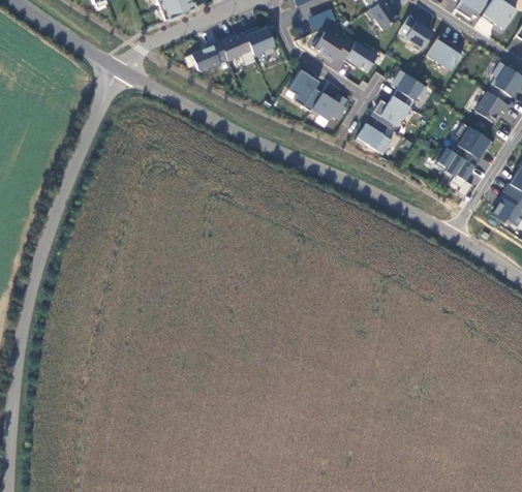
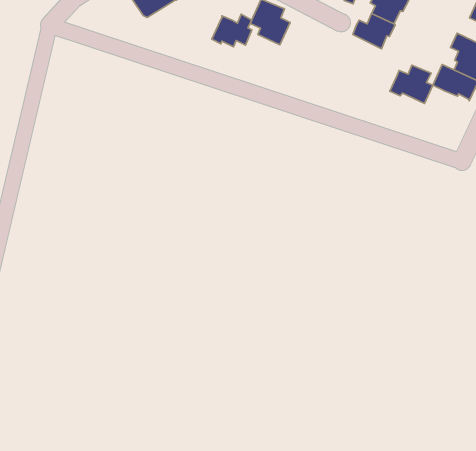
building: [311,92,347,120] -> [212,14,252,47]
building: [356,120,393,154] -> [390,65,433,103]

